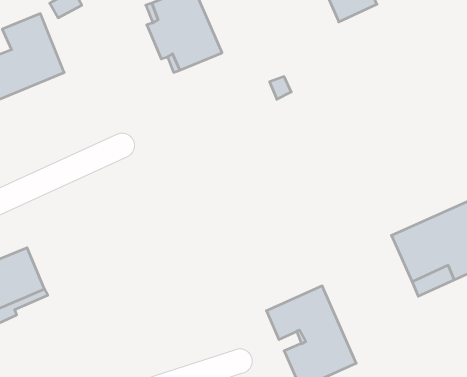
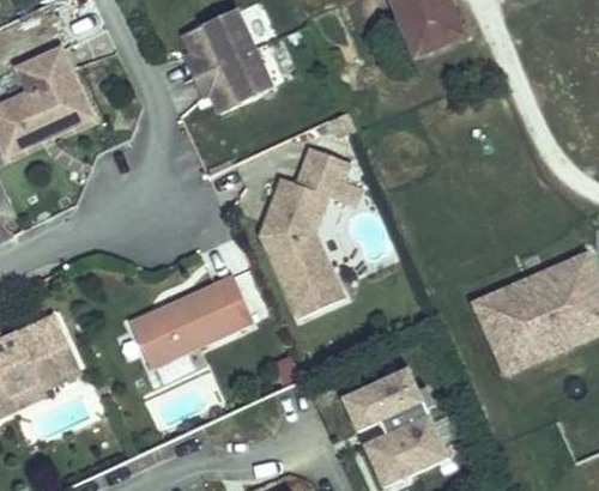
building: none -> [262,150,350,322]
building: none -> [127,280,252,369]

